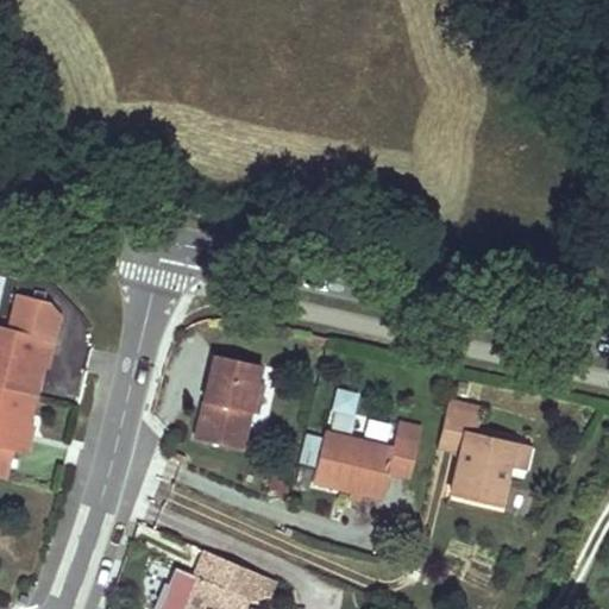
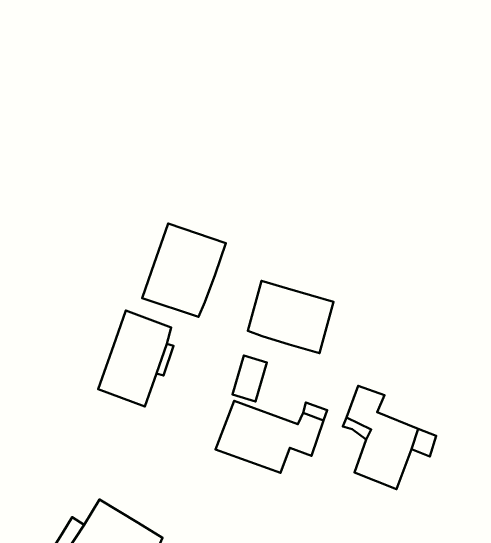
building: none -> [142,224,226,317]
building: none -> [248,281,334,353]

